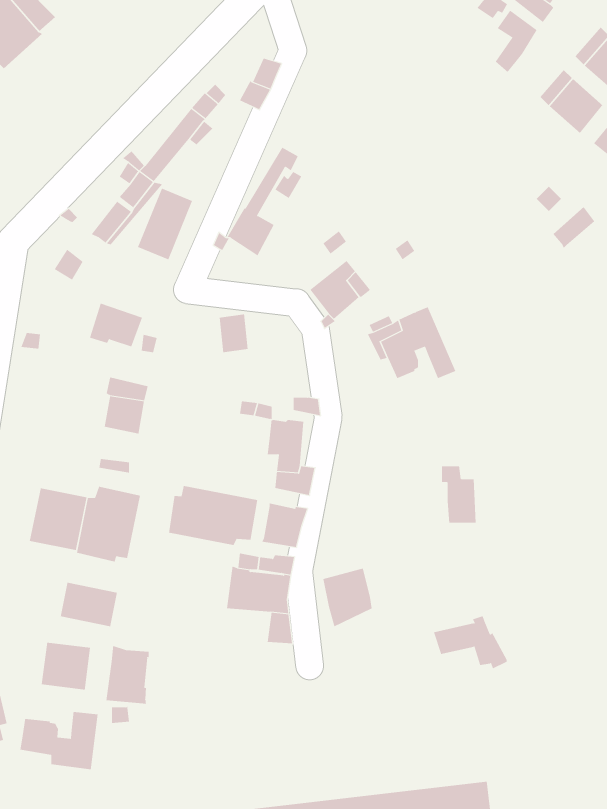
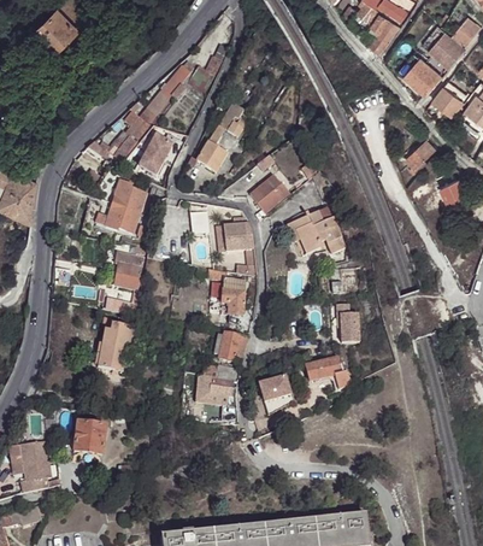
building: none -> [112,181,146,213]
building: none -> [222,223,252,252]
building: [168,485,258,546] -> none
building: [29,488,87,551] -> none
building: [60,582,118,627] -> none
building: [433,615,507,669] -> [304,356,352,391]
building: [106,645,149,704] -> none
building: [20,711,98,770] -> none

